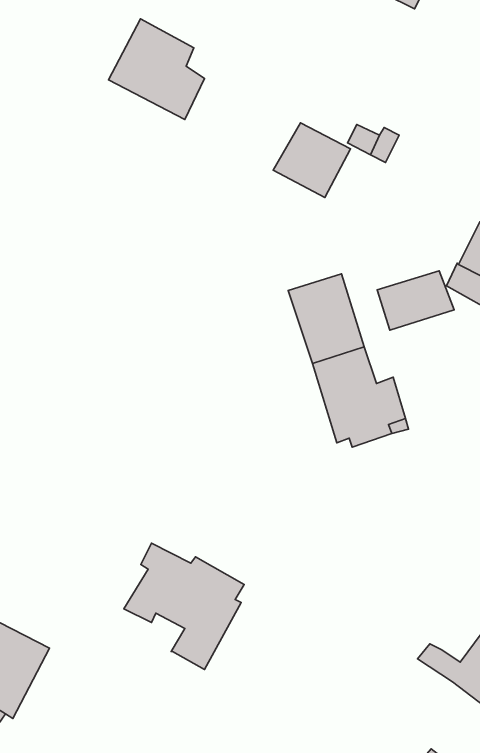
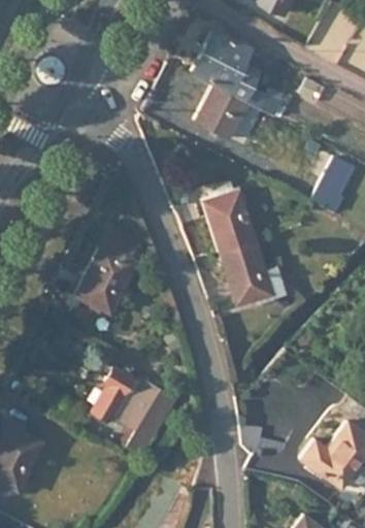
building: [109,19,204,119] -> [191,29,256,97]
building: [377,271,454,330] -> none
building: none -> [75,228,138,315]

